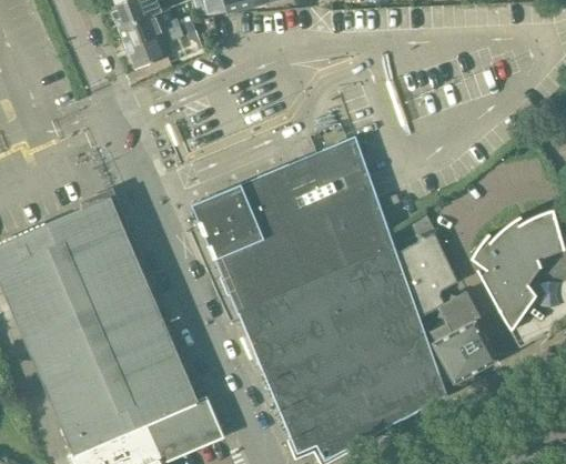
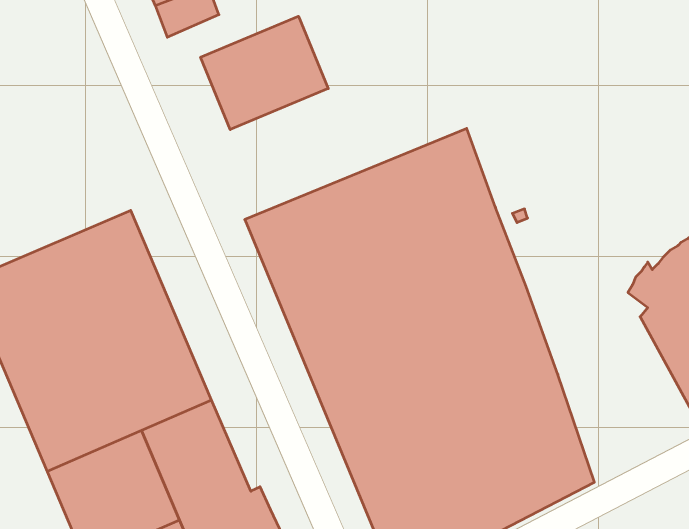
building: none -> [201,16,328,130]
building: [397,232,496,383] -> none

